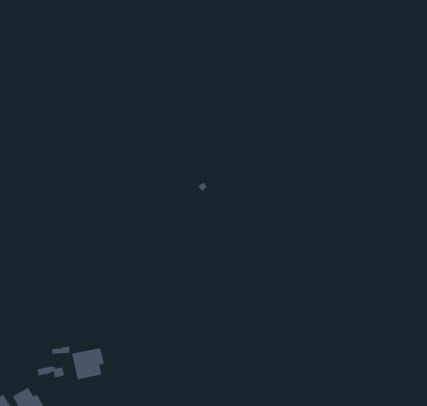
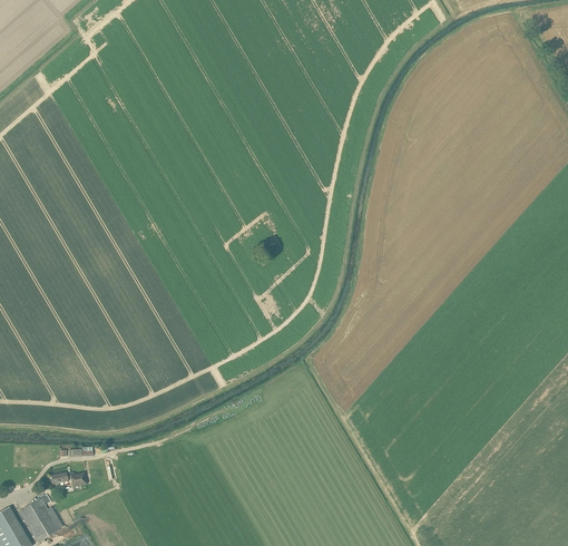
building: [71,347,105,380] -> none

